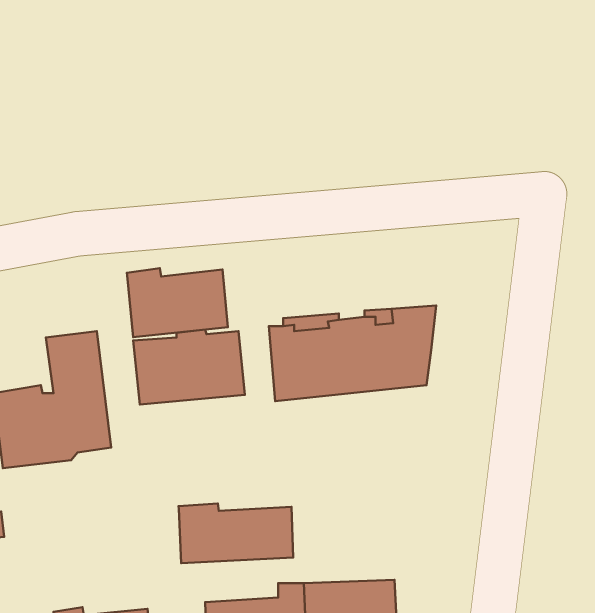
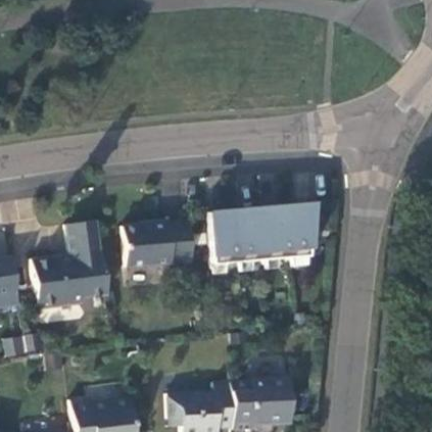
building: [127,268,228,337] -> none
building: [179,503,293,563] -> none

